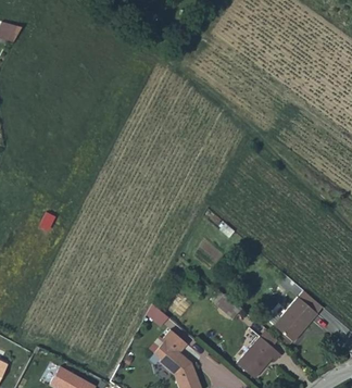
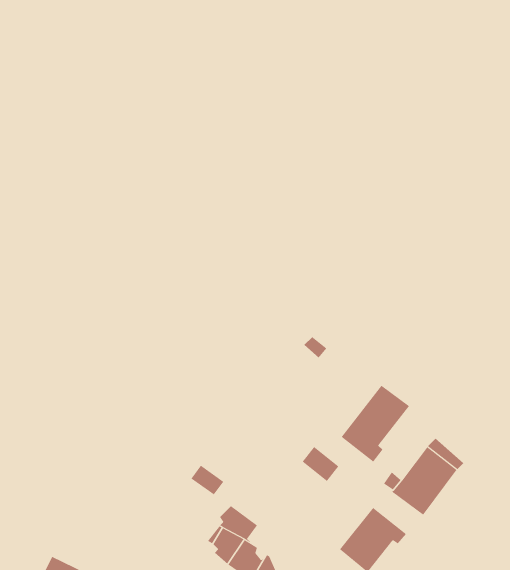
building: none -> [341,385,410,463]

